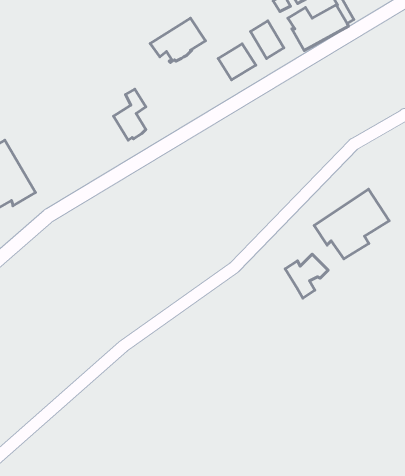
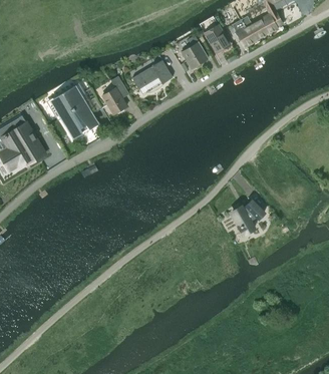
building: [150,18,205,62] -> [131,60,173,93]
building: none -> [57,91,93,135]
building: [314,189,389,259] -> none

